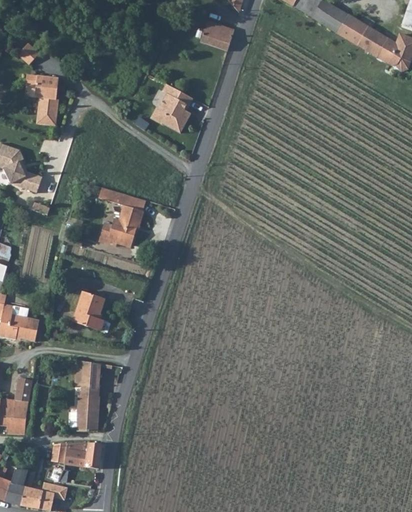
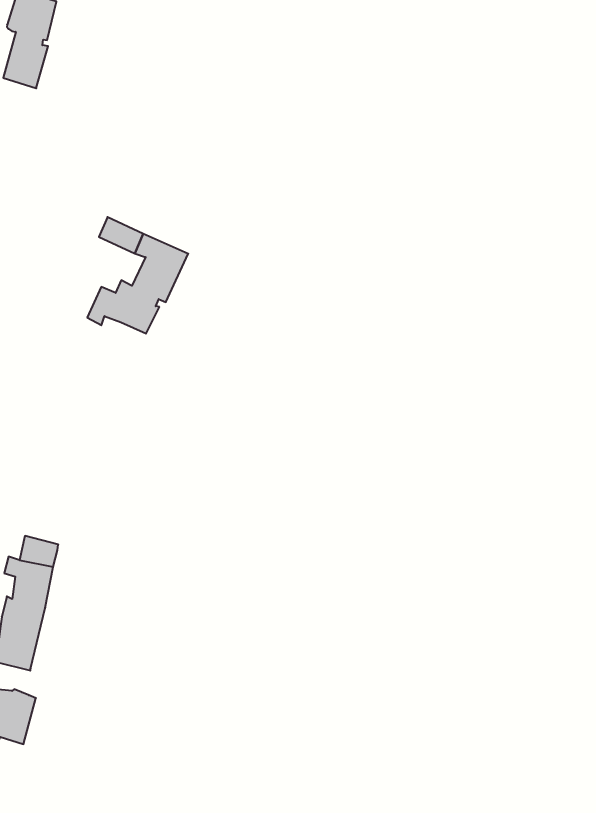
building: [151,86,193,131] -> none
building: [73,290,105,329] -> none

